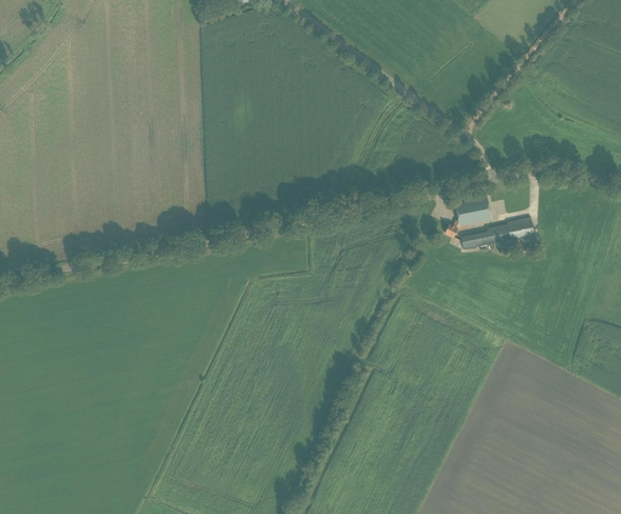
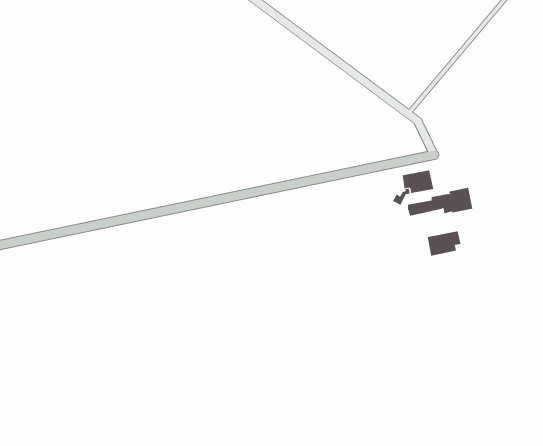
building: none -> [427,230,461,256]

